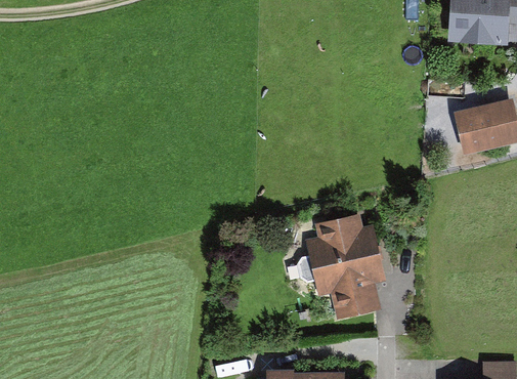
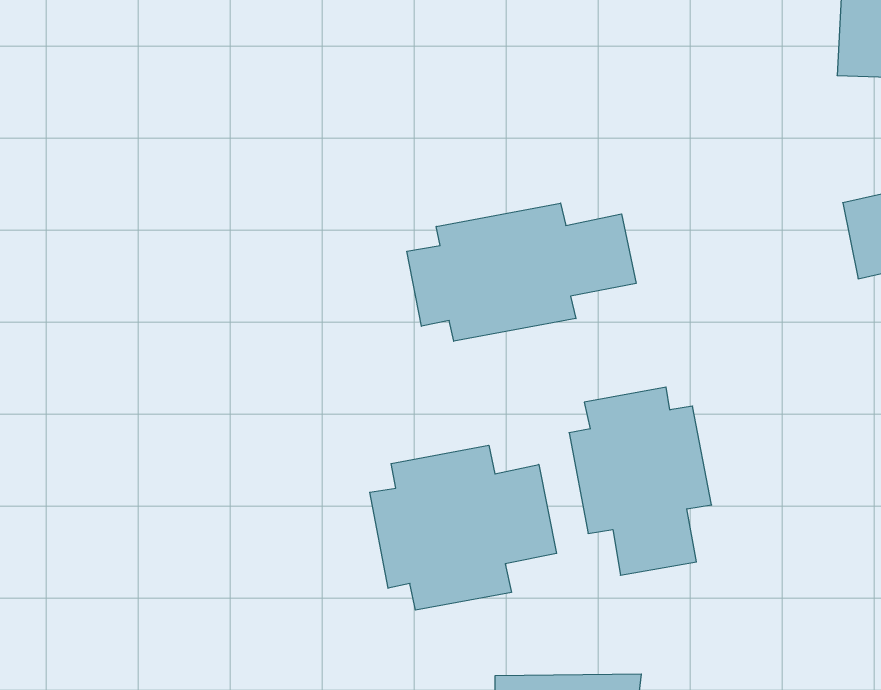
building: none -> [407,203,636,341]
building: none -> [370,445,557,610]

